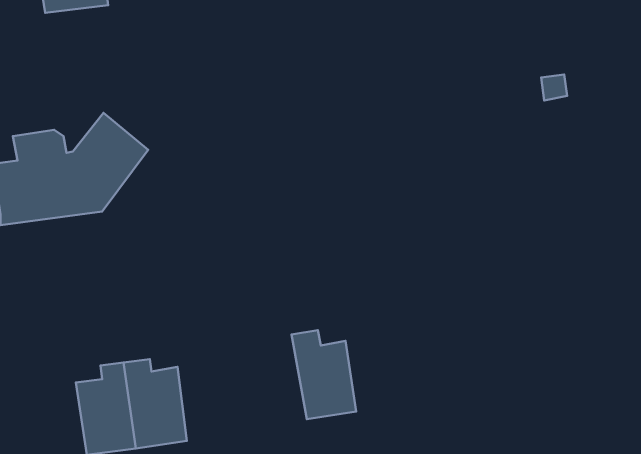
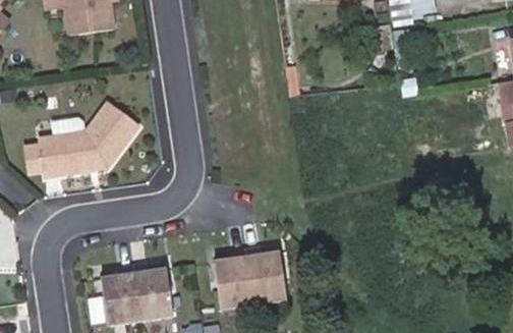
building: none -> [209,248,248,309]

